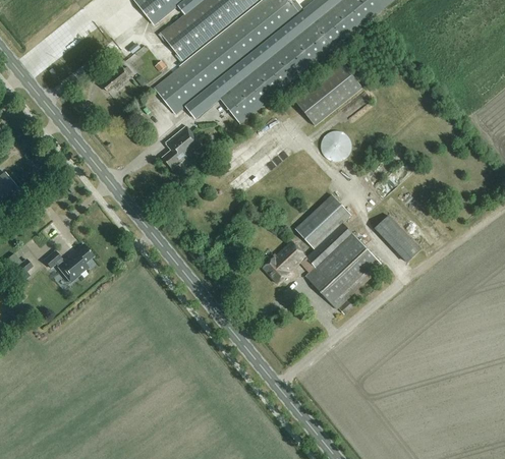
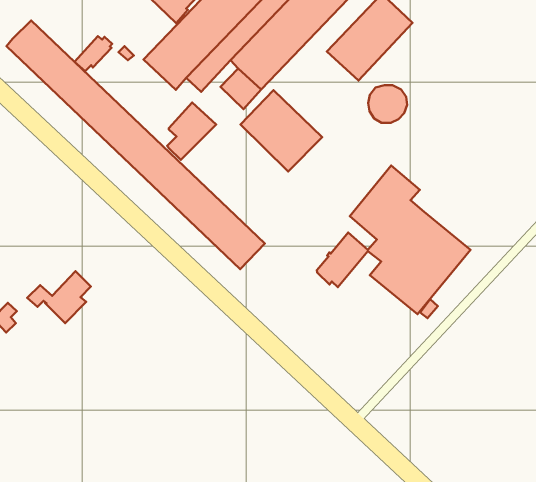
building: none -> [7,20,265,269]
building: none -> [241,90,322,171]
building: [374,214,419,262] -> none

